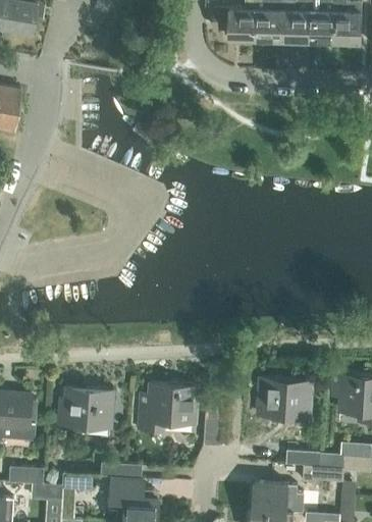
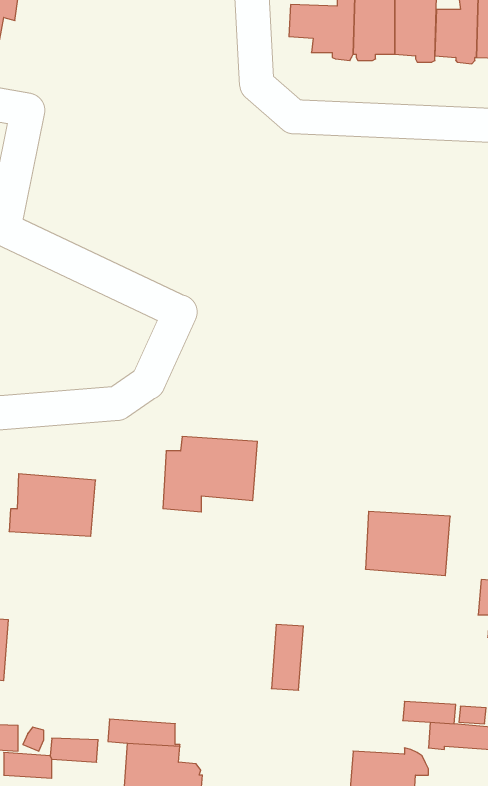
building: [259,378,313,419] -> [365,511,450,576]
building: [139,383,199,431] -> [163,437,257,512]
building: [59,387,114,427] -> [9,474,96,536]

